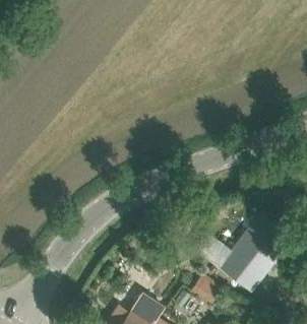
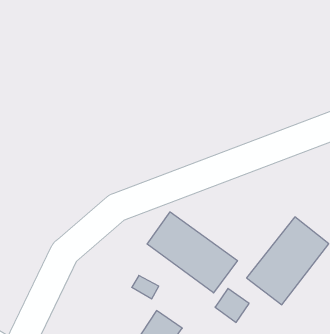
building: none -> [147,212,237,293]

